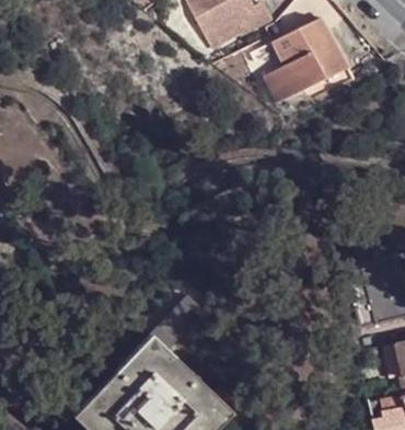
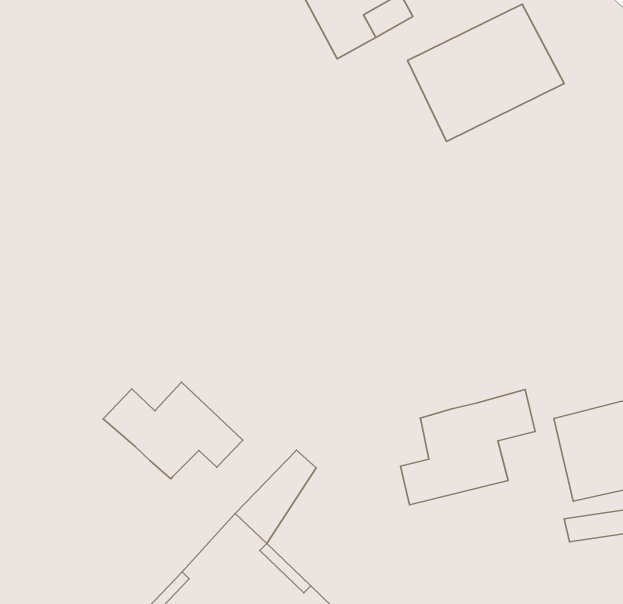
building: none -> [103,382,243,479]
building: none -> [400,389,535,505]

